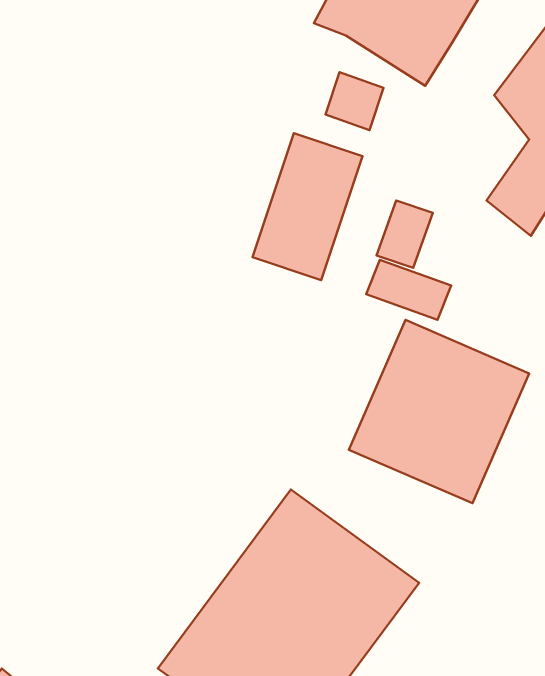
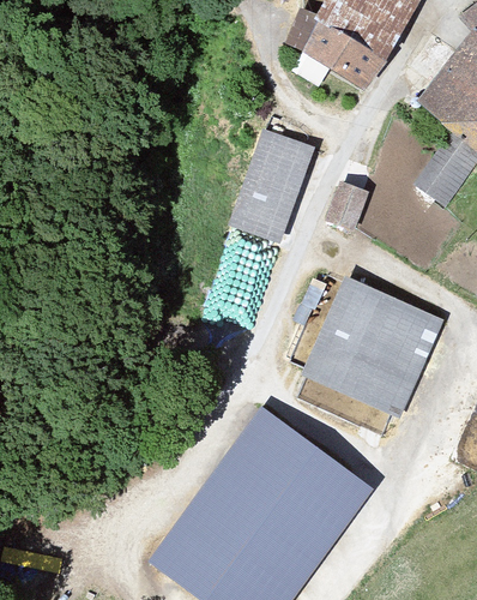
building: [325,72,384,130] -> none
building: [366,260,451,320] -> none

